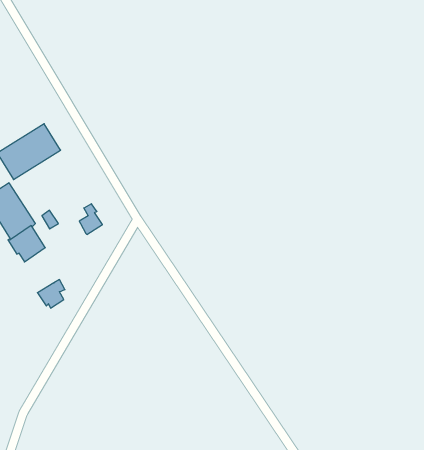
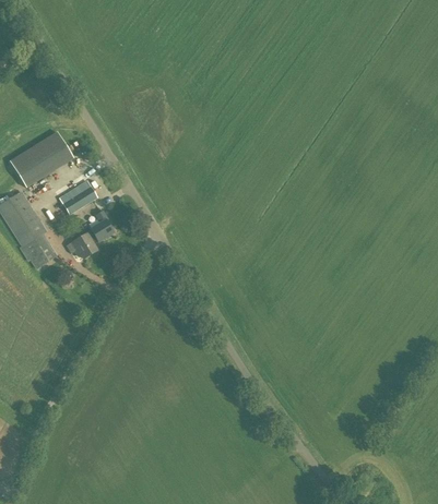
building: none -> [58,179,97,215]
building: [37,280,65,308] -> [70,230,97,259]

